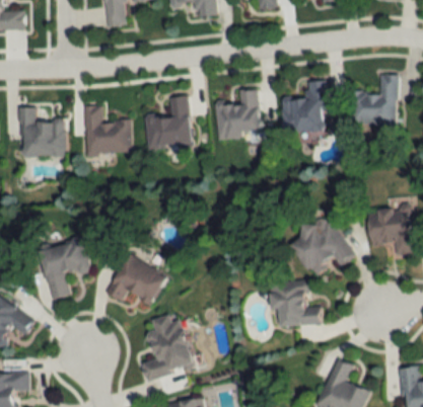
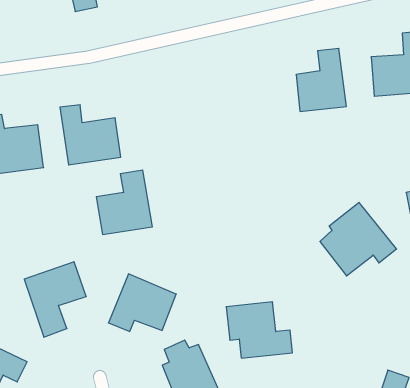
building: [216,90,261,141] -> none
building: [147,97,192,148] -> [96,170,152,234]
building: [270,279,322,324] -> [226,302,292,358]

